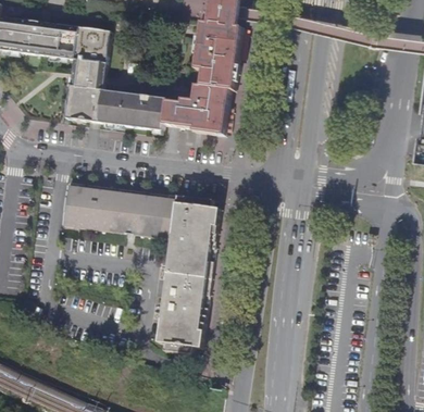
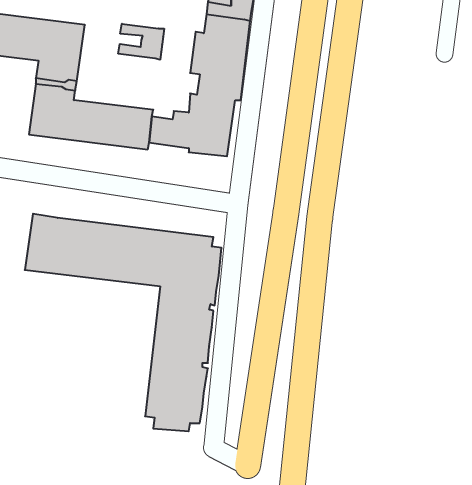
building: none -> [118,24,164,60]

